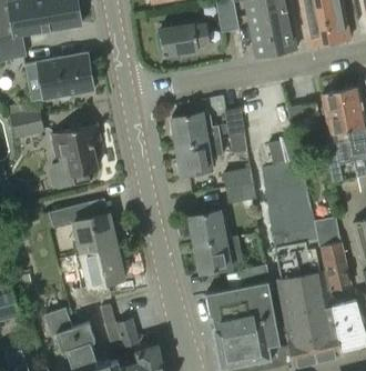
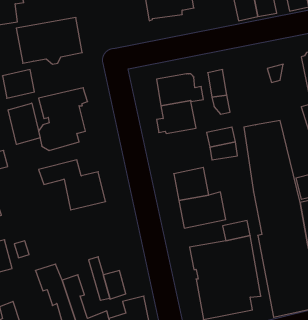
building: [270,138,299,166] -> none
building: none -> [8,103,40,144]
building: [73,245,125,304] -> none

